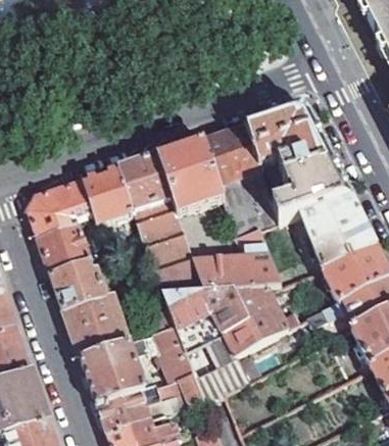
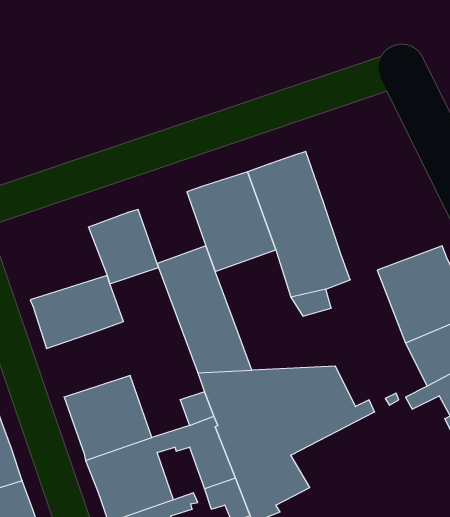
building: [246,106,349,219] -> none
building: [119,153,171,207] -> none
building: [28,180,96,235] -> none
building: [194,254,281,288] -> none
building: [50,258,107,308] -> none

